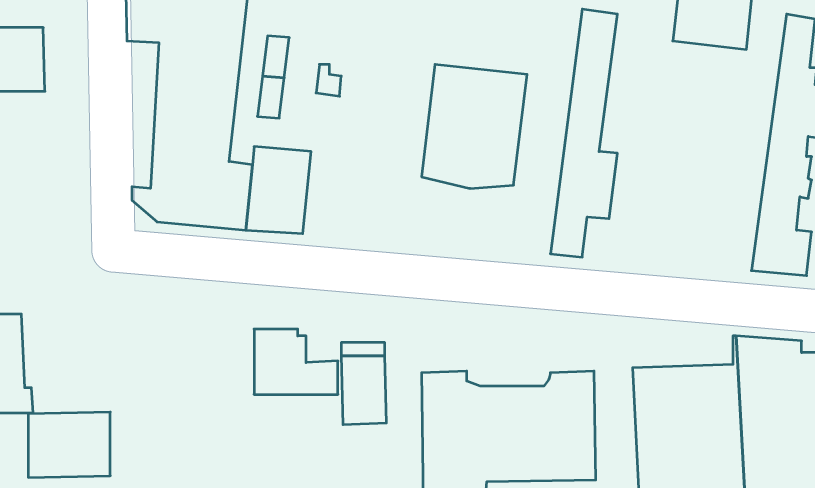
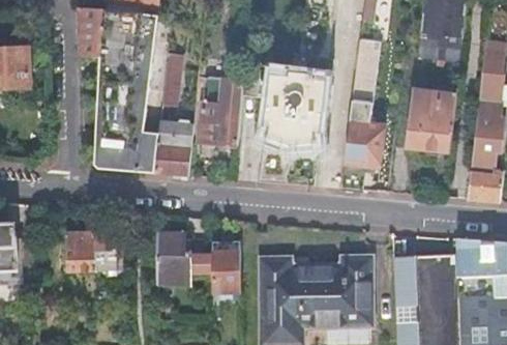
building: none -> [198,80,243,146]
building: none -> [406,85,459,151]
building: [28,412,110,477] -> [66,232,117,272]

